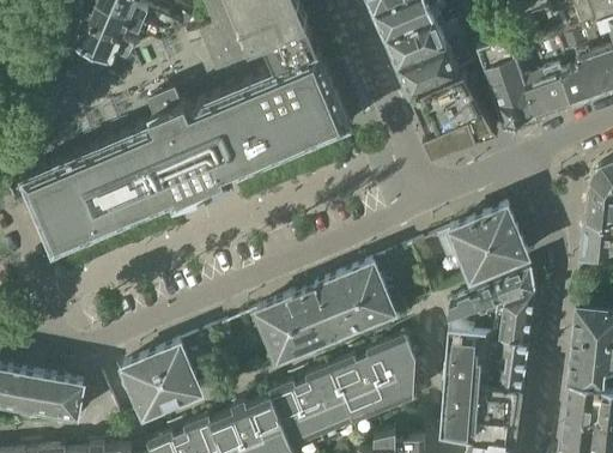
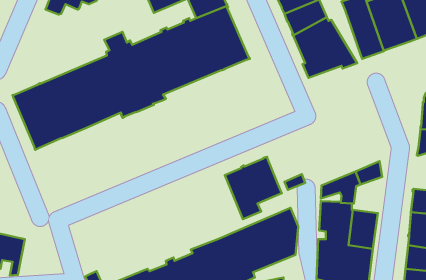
building: [437,206,528,280] -> none
building: [256,288,340,362] -> none
building: [491,290,533,340] -> none
building: [122,343,201,417] -> none
building: [29,376,83,425] -> none

